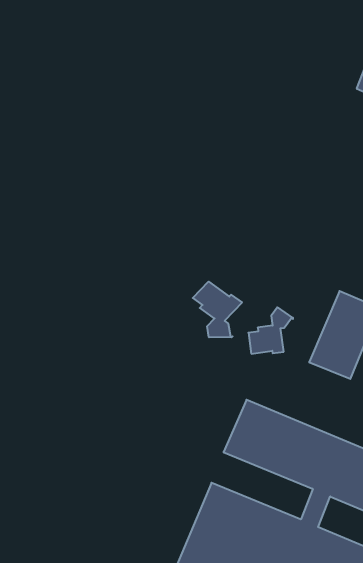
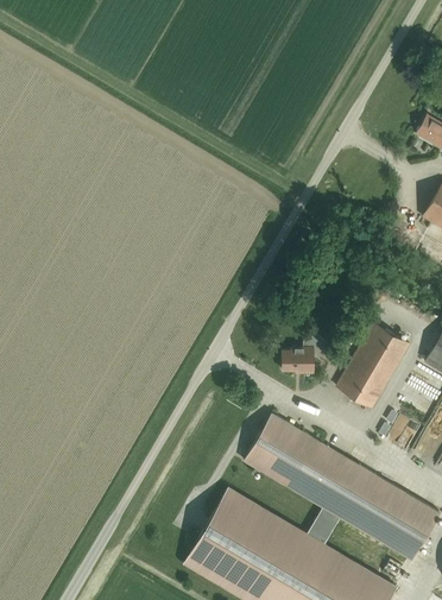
building: [193,282,242,337] -> none

